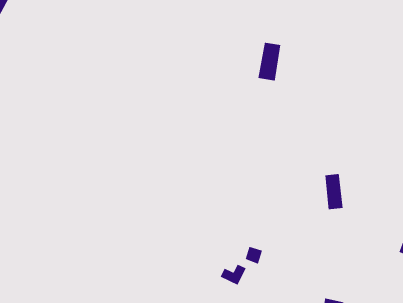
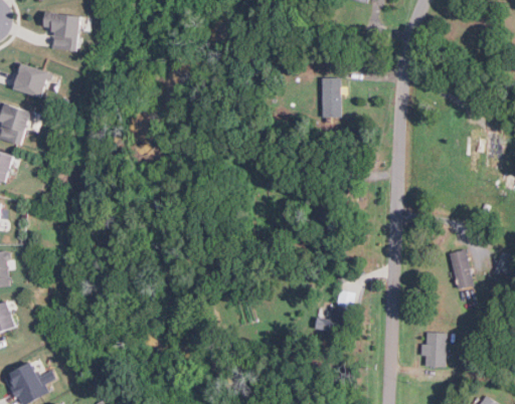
building: [325,174,344,210] -> [449,250,474,289]

